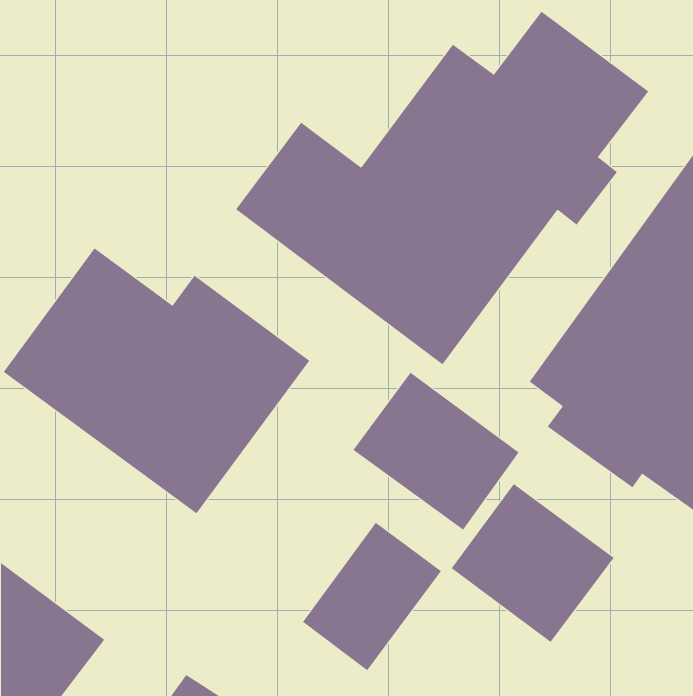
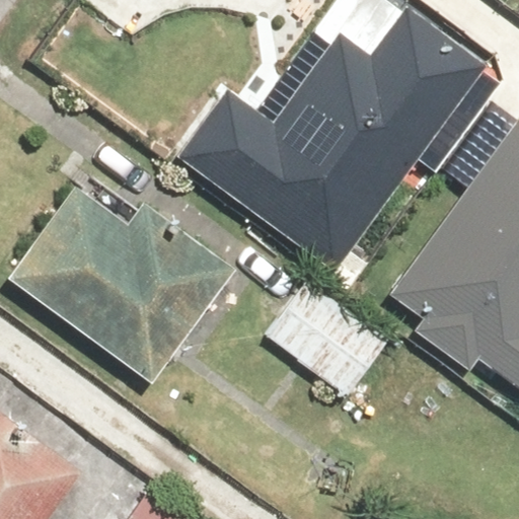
building: [451,483,615,643] -> none
building: [302,522,442,671] -> none

